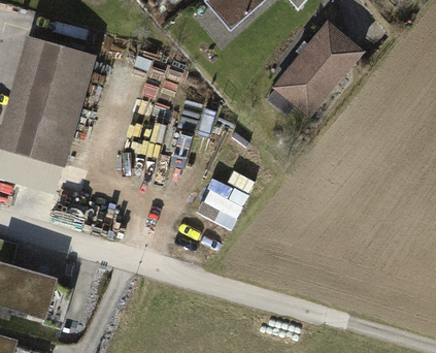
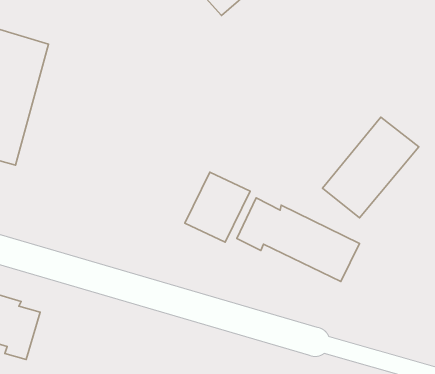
building: [276,25,360,113] -> [323,117,419,218]
building: none -> [237,198,360,282]

